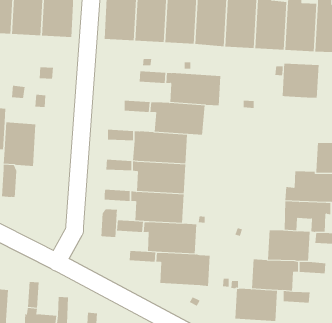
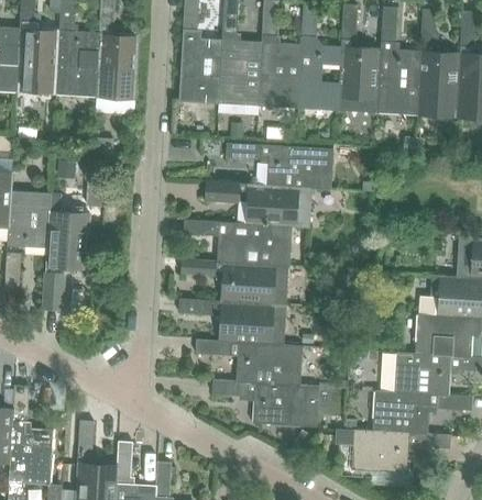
building: [282,63,319,99] -> none
building: [101,208,118,238] -> none

